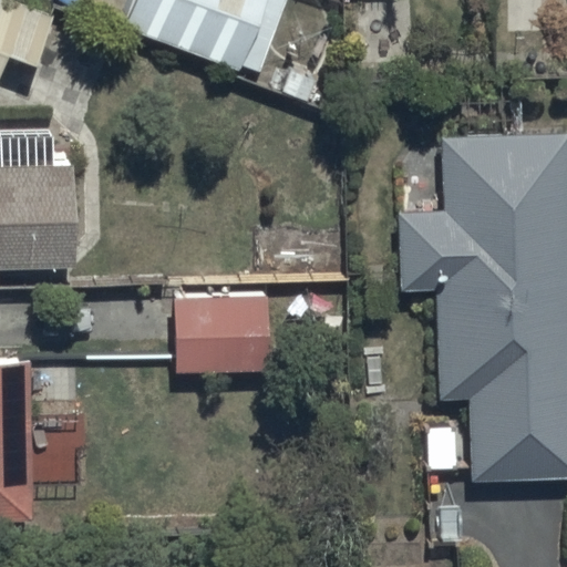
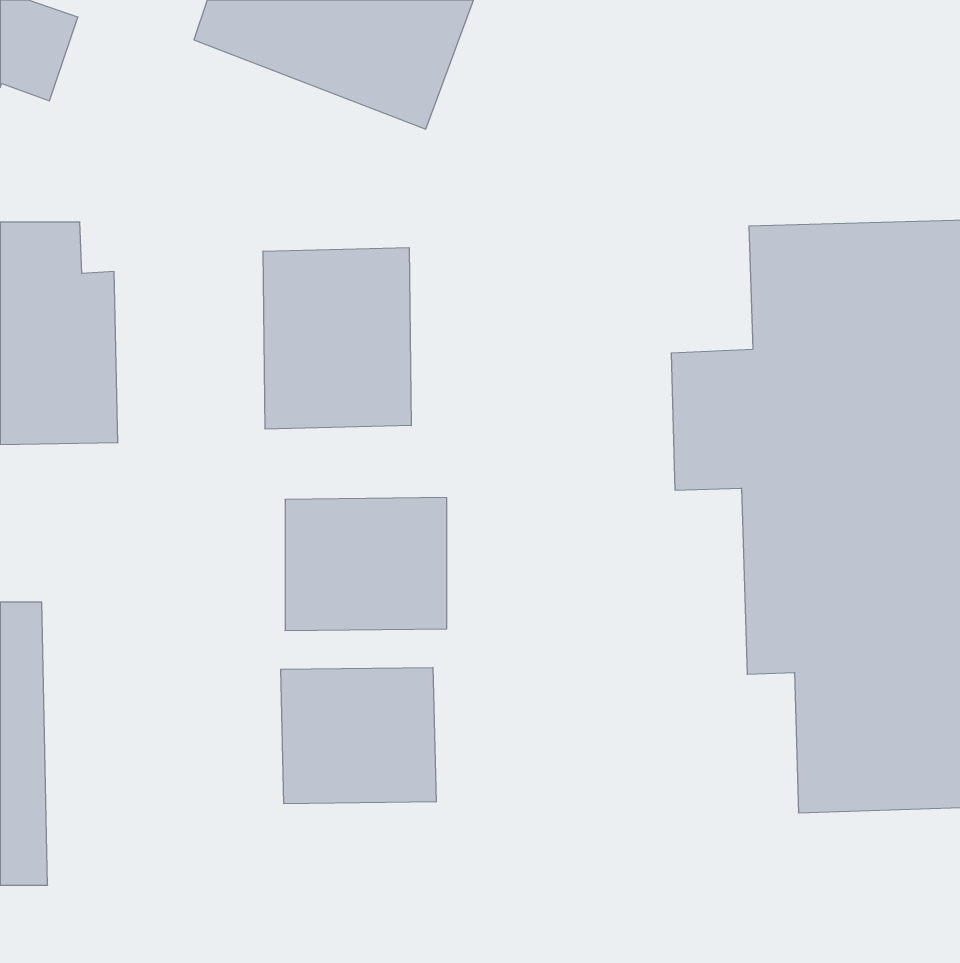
building: none -> [263,248,411,429]
building: none -> [281,667,436,804]

